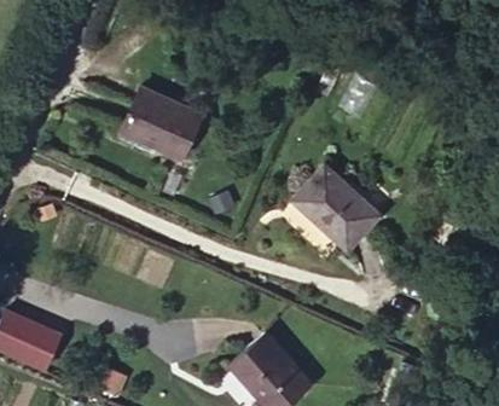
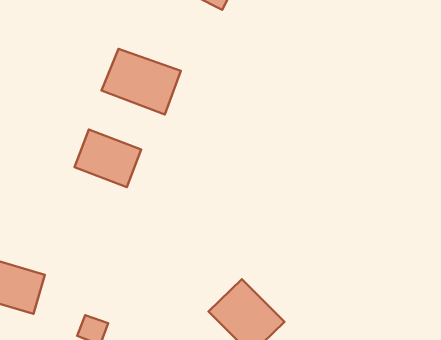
building: [296,168,378,245] -> none
building: none -> [74,129,141,187]

